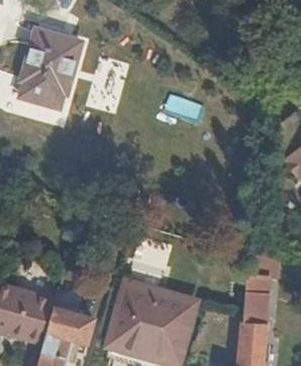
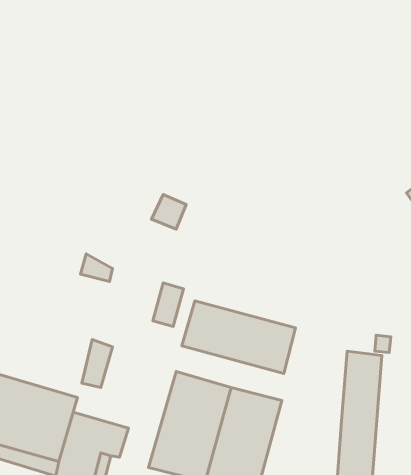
building: [20,31,80,108] -> none
building: none -> [182,301,296,374]

